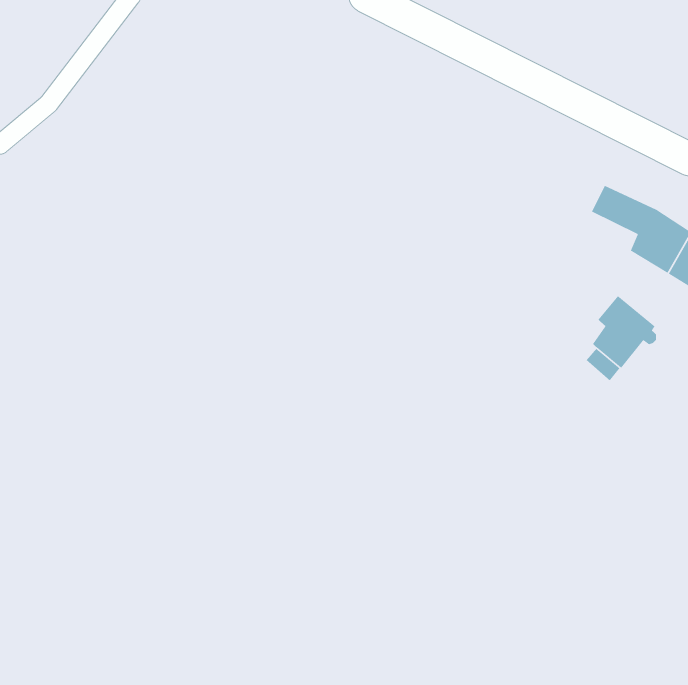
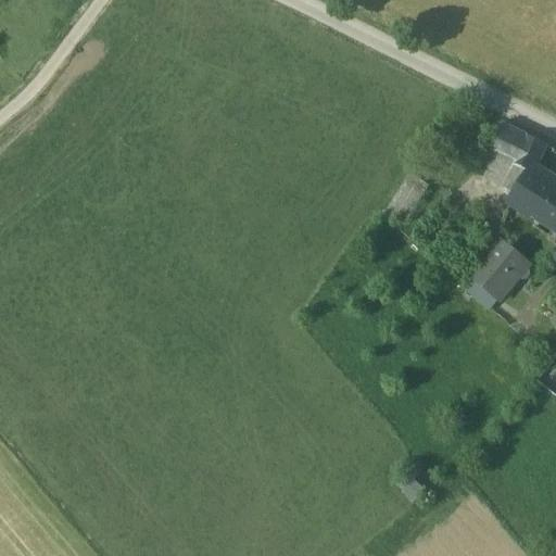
building: none -> [488,121,545,168]

